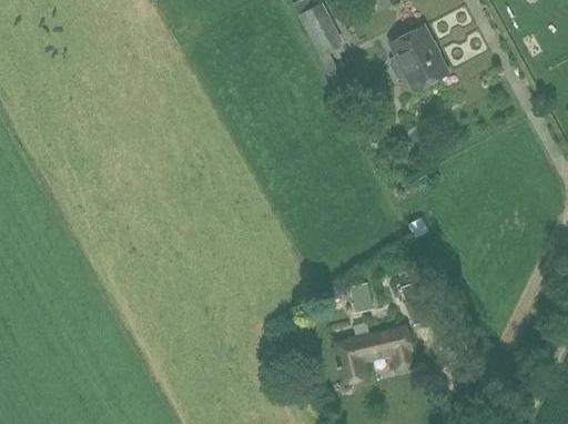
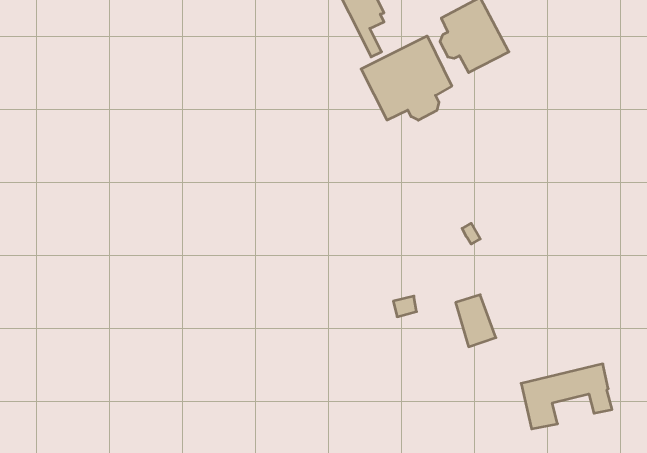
building: none -> [361,36,452,120]
building: [336,327,414,383] -> [521,364,612,429]

